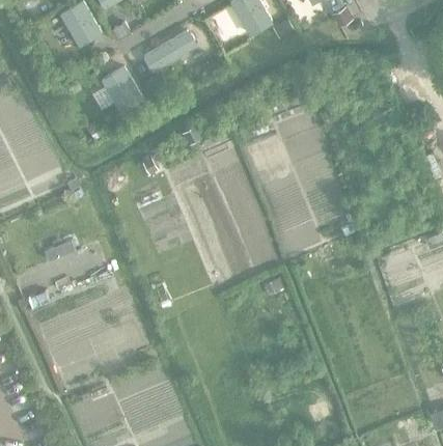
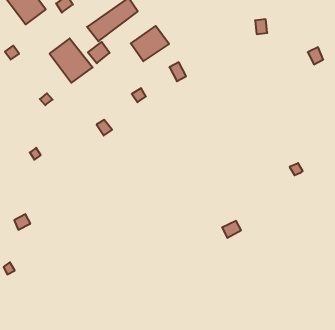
building: none -> [131,26,169,61]

